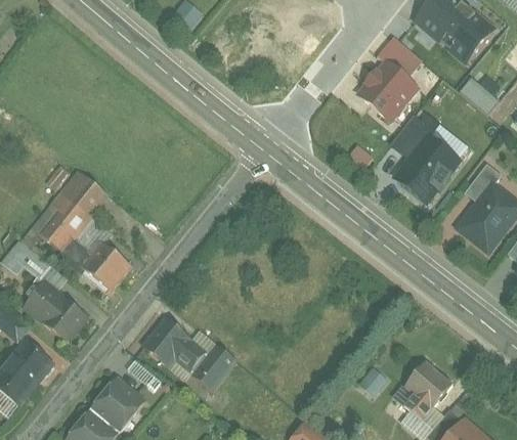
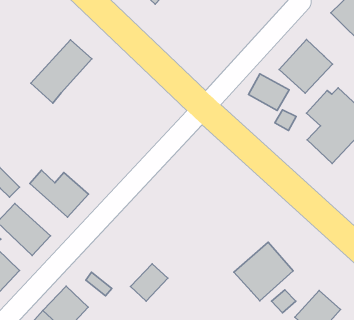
building: [381,38,422,75] -> none
building: none -> [249,74,289,110]
building: [34,173,106,252] -> [31,40,92,103]
building: none -> [234,242,293,301]
building: [140,317,206,370] -> none

